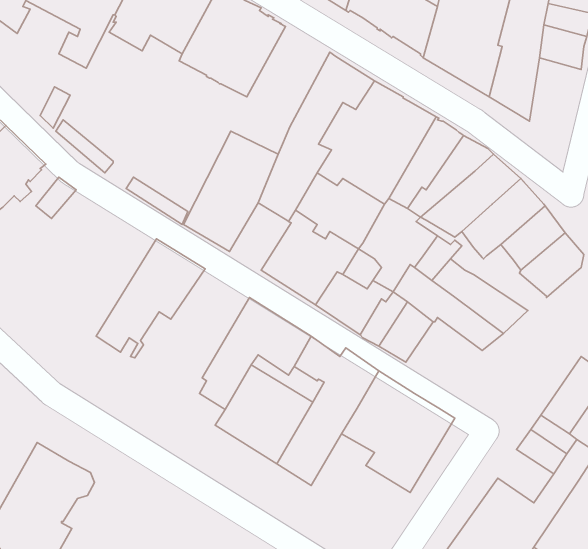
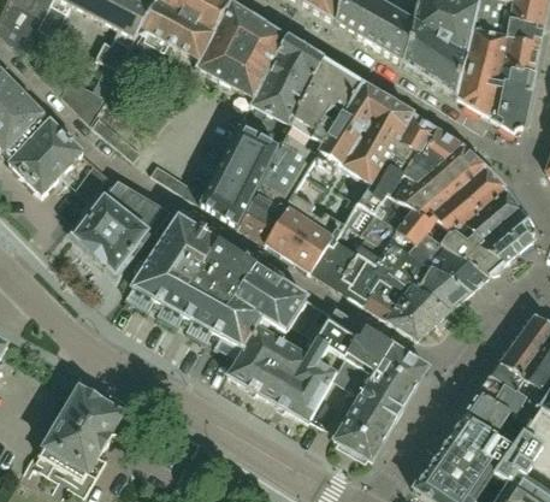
building: none -> [244,35,323,134]
building: none -> [490,61,533,130]
building: none -> [76,177,171,267]
building: none -> [238,183,290,240]
building: none -> [440,228,504,273]
building: none -> [159,238,255,339]
building: none -> [386,279,450,337]
building: none -> [462,389,510,435]
building: none -> [333,403,390,457]

